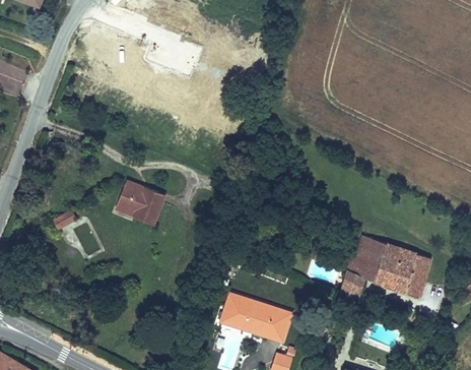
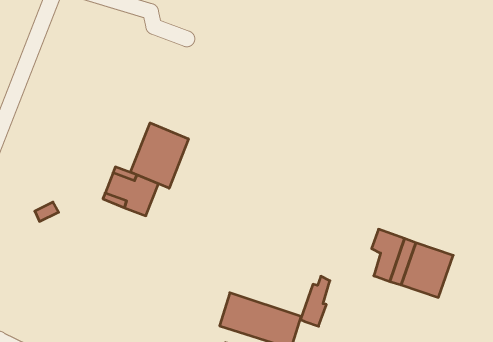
building: none -> [131,123,188,188]
building: [338,253,364,298] -> [300,276,330,326]

